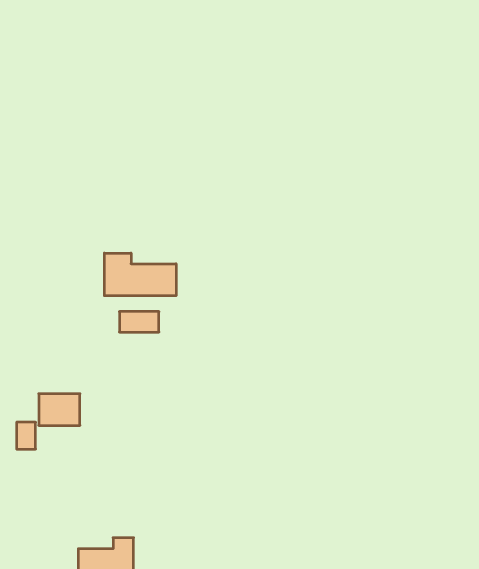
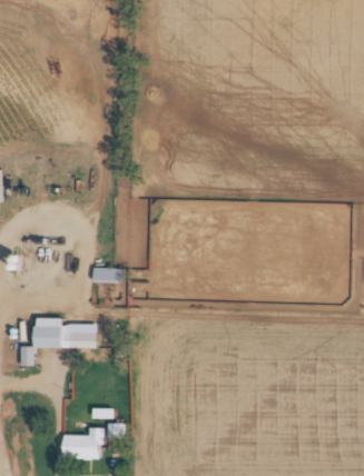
building: [104,253,176,296] -> none
building: none -> [69,331,97,347]

